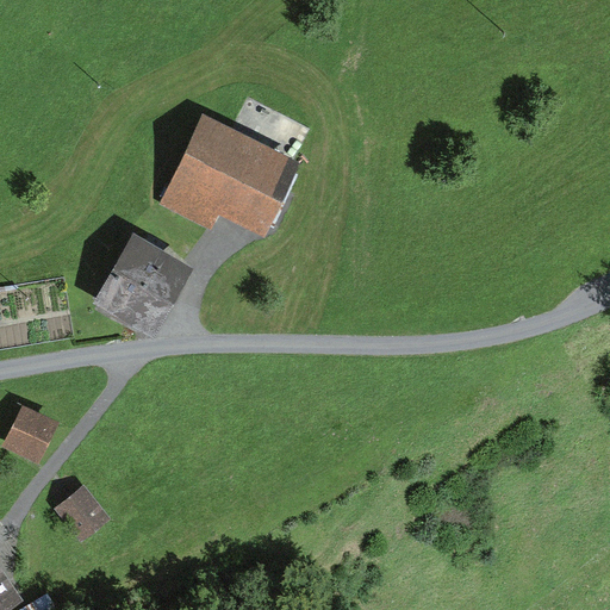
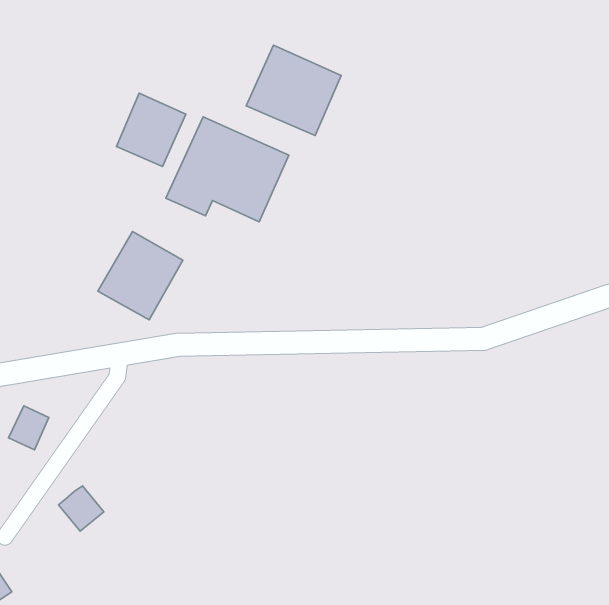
building: none -> [246,45,341,135]
building: none -> [116,93,186,167]

